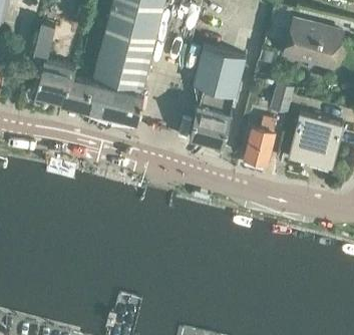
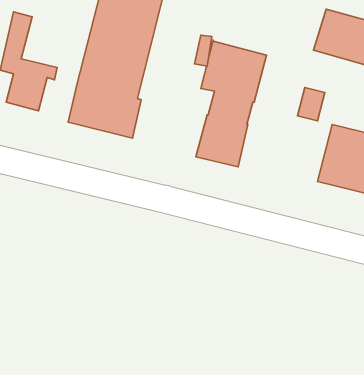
building: [61,75,92,111] -> none
building: [245,117,276,164] -> none

